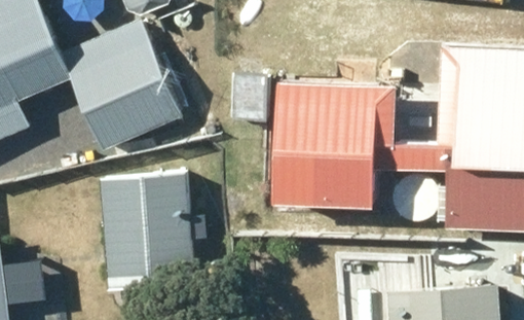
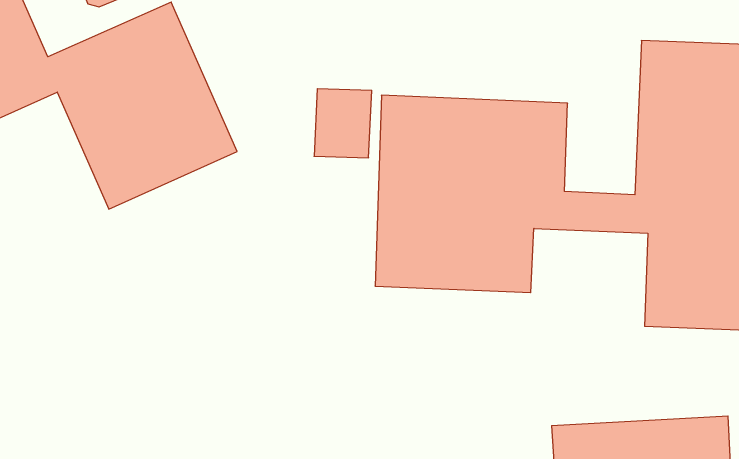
building: [101,173,192,288] -> none

